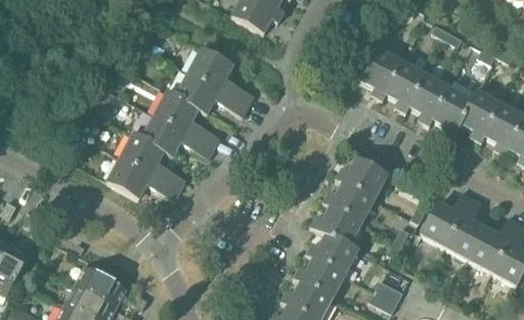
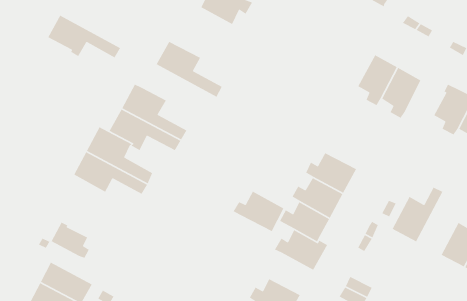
building: [361,47,404,100] -> none
building: [176,72,249,115] -> [47,15,121,58]
building: [434,87,474,137] -> none
building: [445,196,486,259] -> none
building: none -> [50,221,90,259]
building: [293,257,344,298] -> [233,191,285,232]

